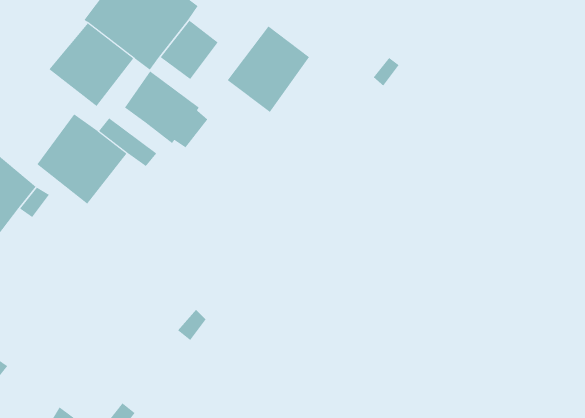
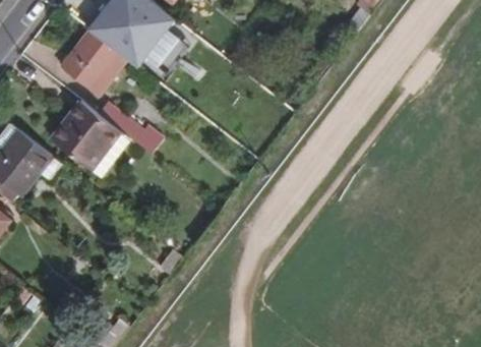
building: [227,25,310,113] -> none
building: [124,71,208,148] -> none

